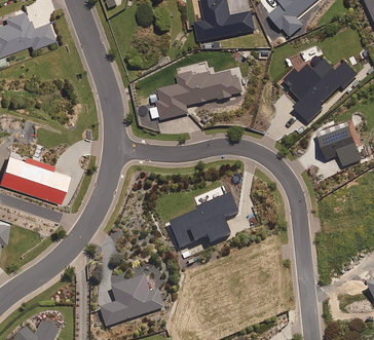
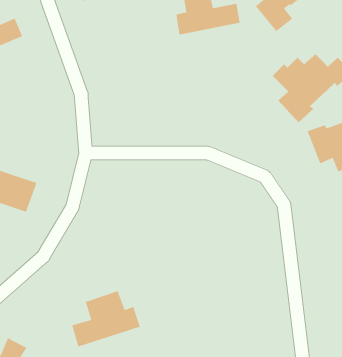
building: [149,70,241,118] -> none
building: [166,185,237,248] -> none

